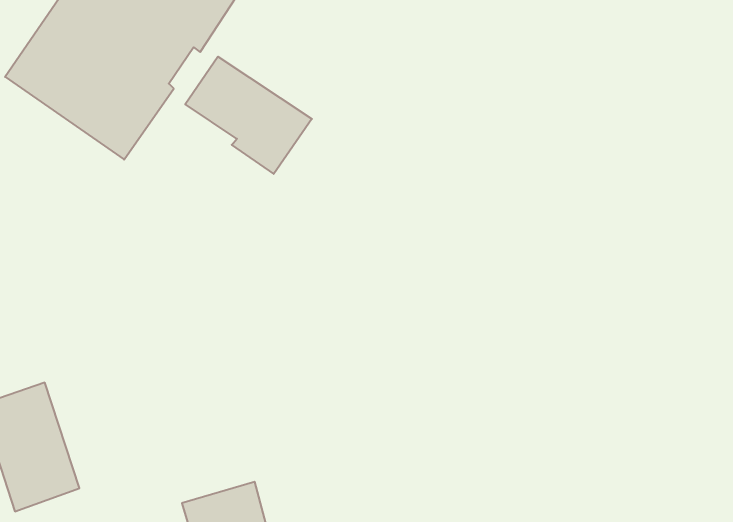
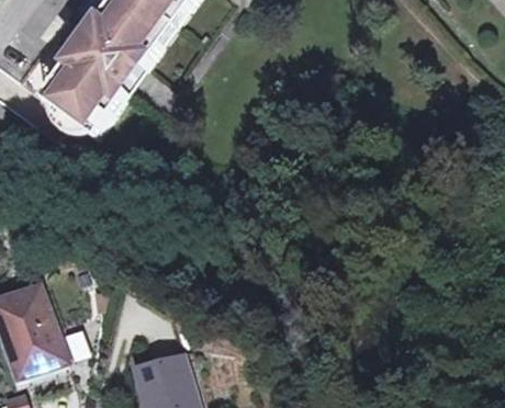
building: [185,57,312,174] -> none

